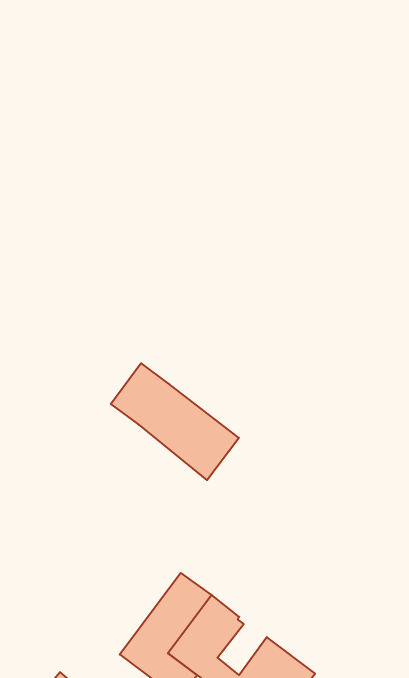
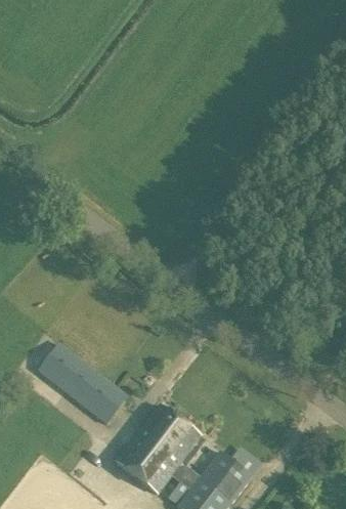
building: [111,363,239,480] -> [38,343,128,425]

